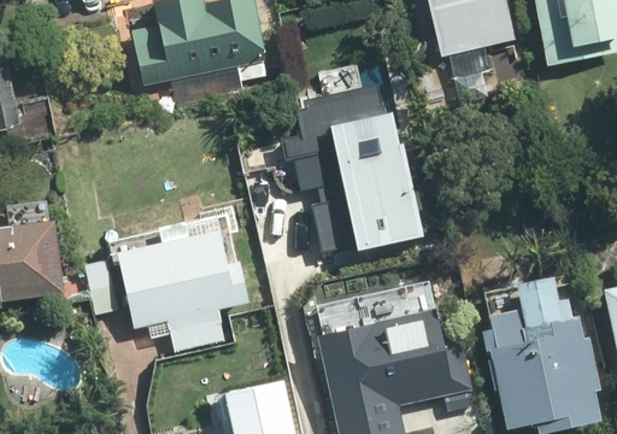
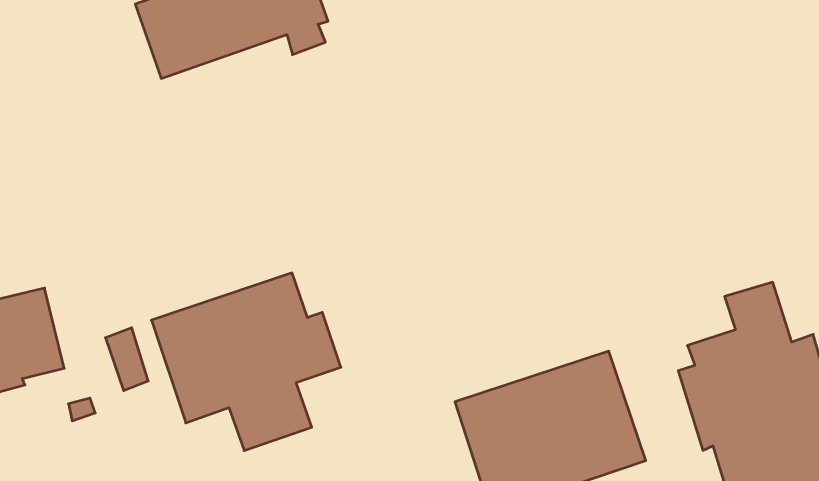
building: [274,92,417,252] -> none

